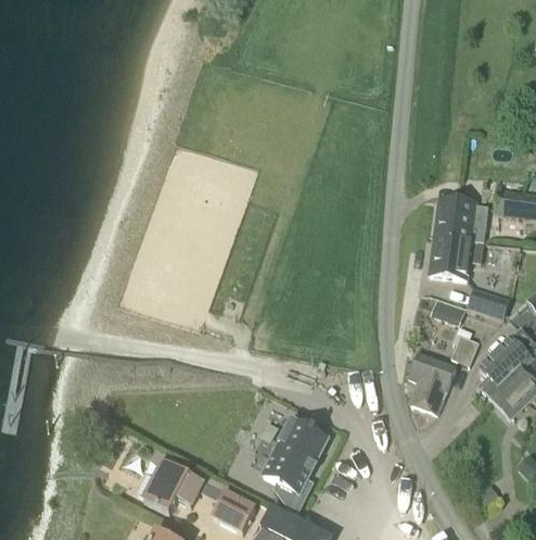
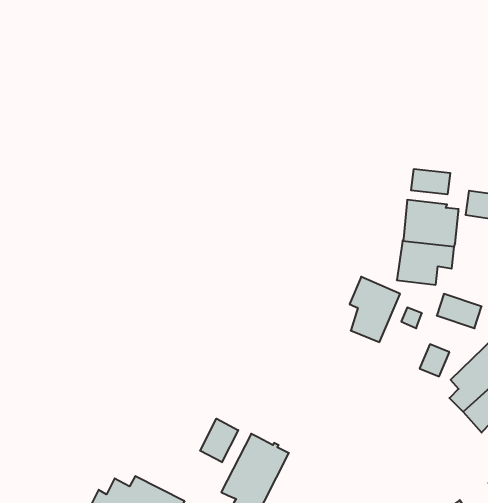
building: none -> [411,169,450,194]
building: [408,351,456,413] -> [350,277,400,342]
building: none -> [200,419,238,462]

